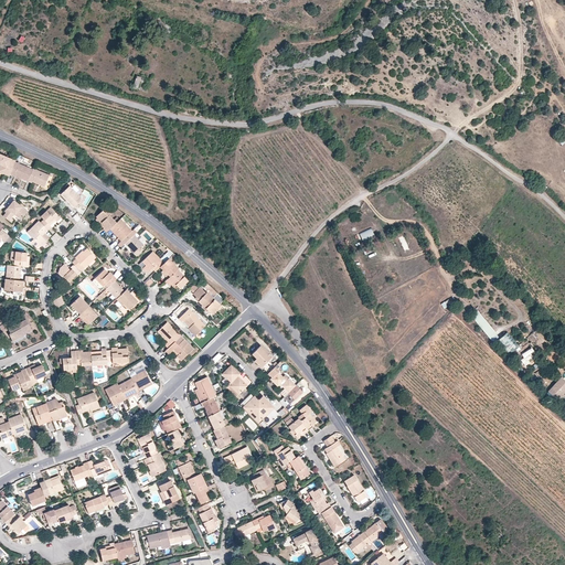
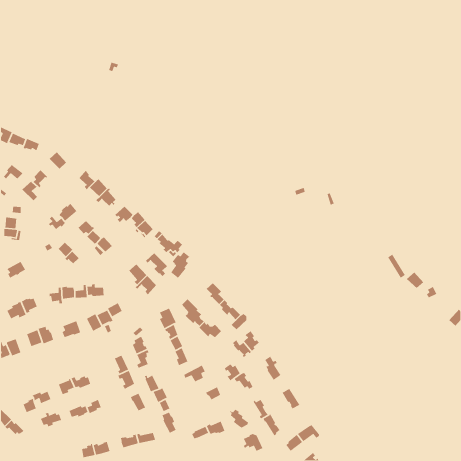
building: none -> [170,251,190,279]

